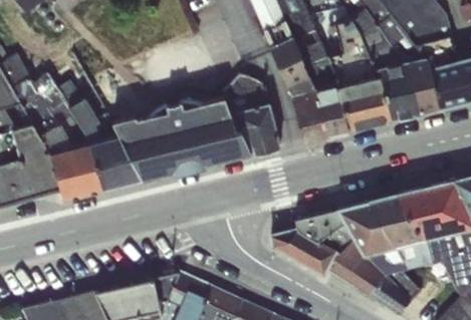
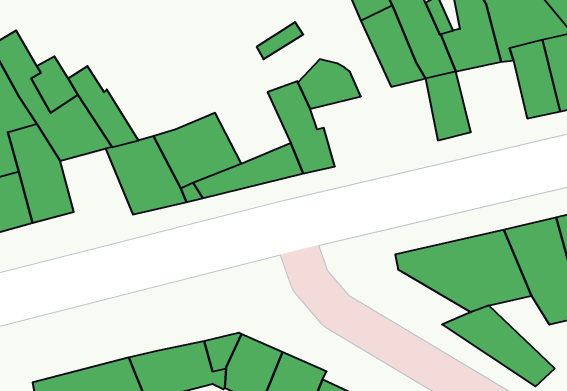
building: [339,76,392,128] -> none
building: [292,89,326,139] -> none
building: [164,99,219,151] -> none
building: [233,102,281,153] -> none
building: [50,140,103,198] -> none
building: [272,229,350,274] -> none

